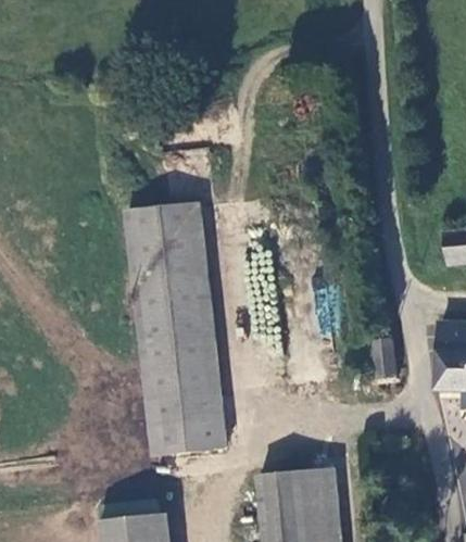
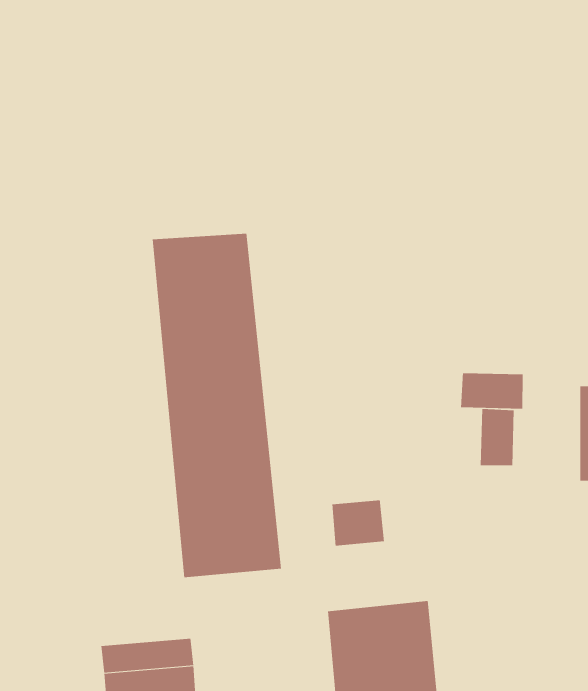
building: none -> [460,372,523,410]
building: none -> [332,499,385,547]

